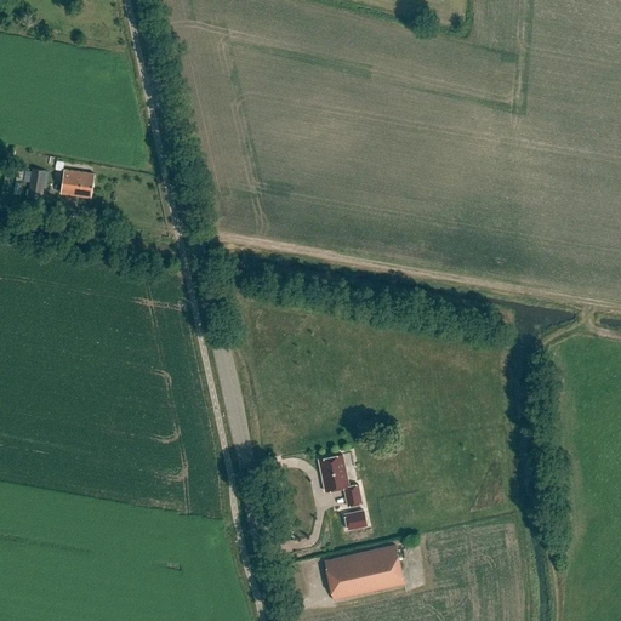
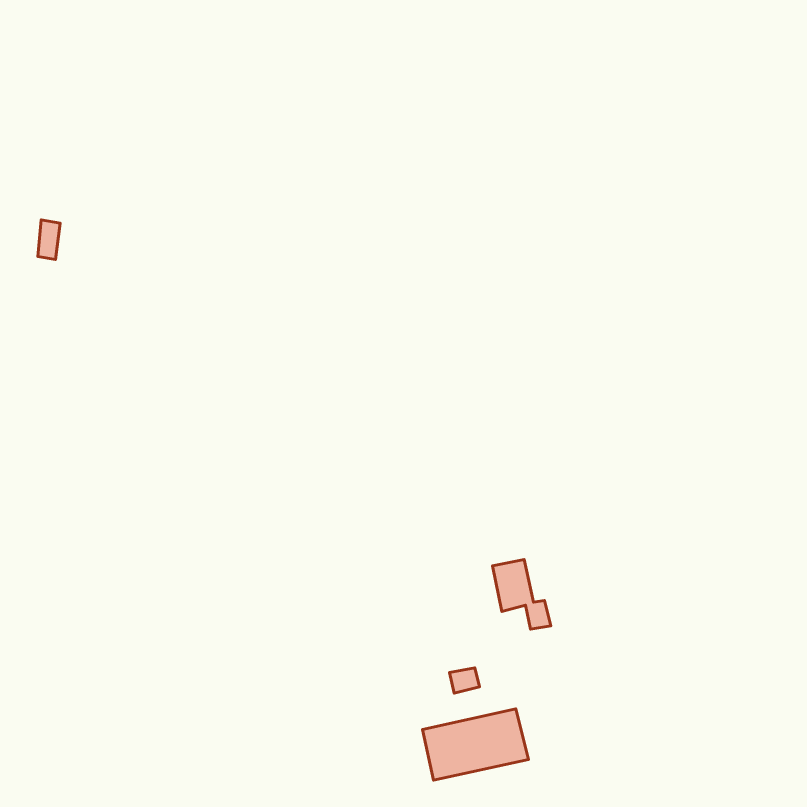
building: [61,170,95,198] -> none
building: [319,455,364,508] -> [492,559,551,629]

